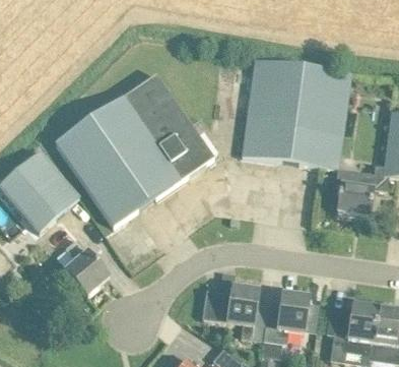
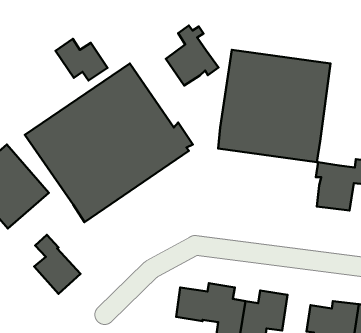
building: none -> [166,26,218,86]
building: none -> [55,39,107,80]

